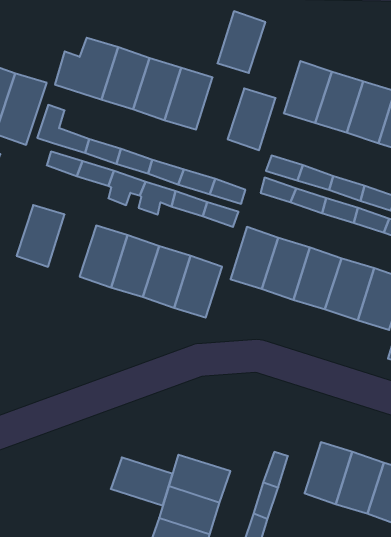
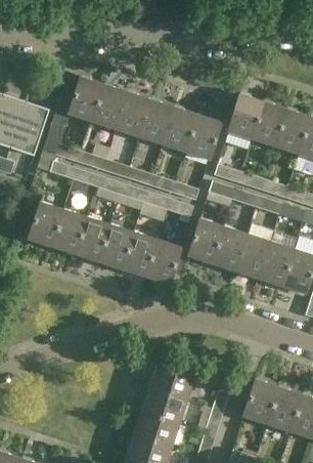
building: [217,11,265,73] -> [162,106,197,152]
building: none -> [51,208,87,254]
building: [111,457,172,505] -> [148,364,194,399]

